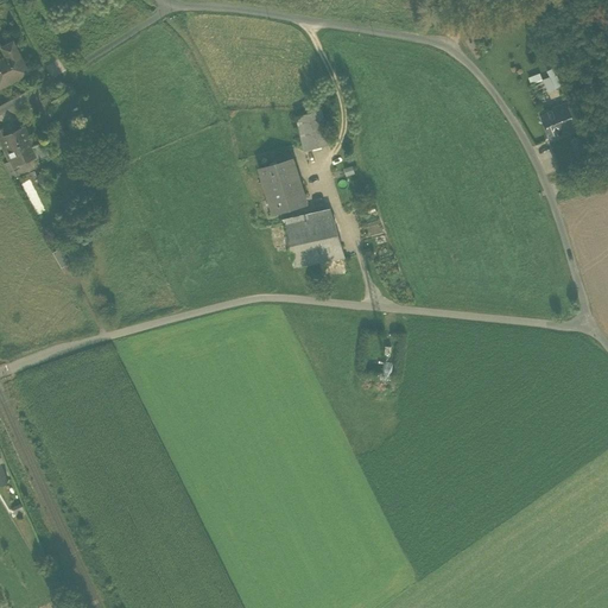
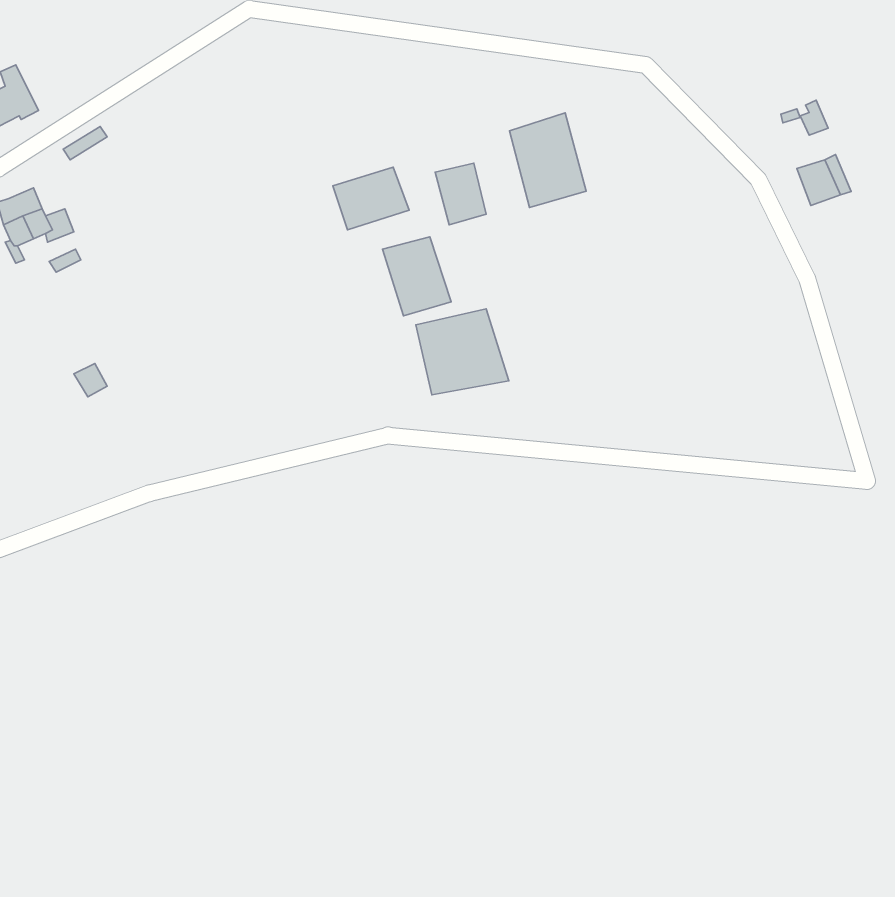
building: none -> [510,113,586,207]
building: none -> [333,167,409,230]

